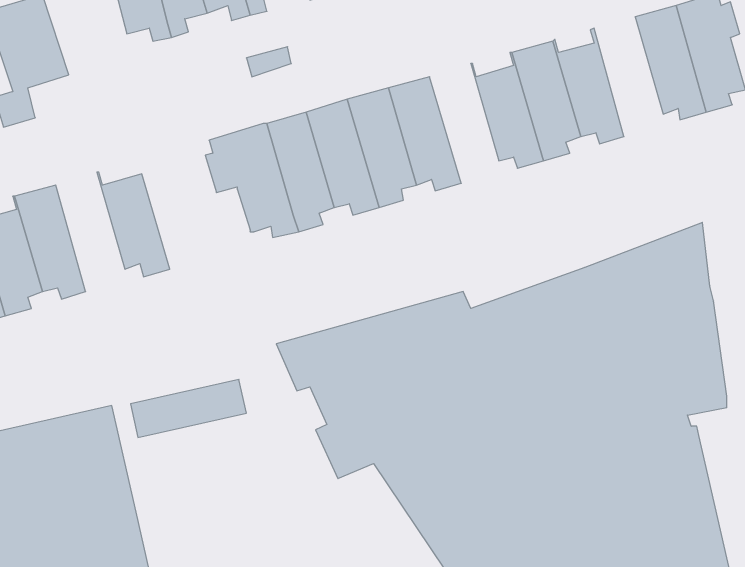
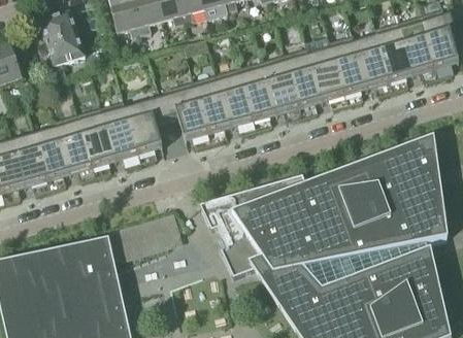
building: none -> [374,21,412,87]
building: none -> [284,46,322,112]
building: none -> [125,97,166,160]
building: none -> [77,106,115,172]

